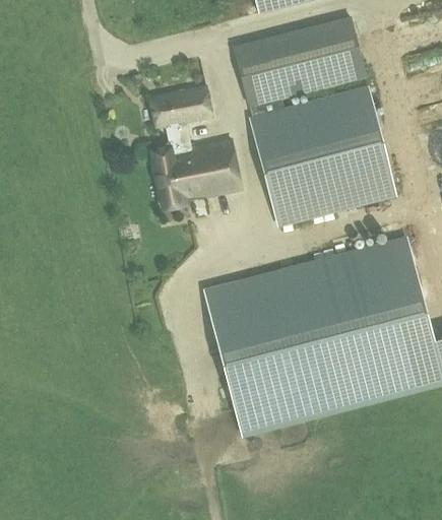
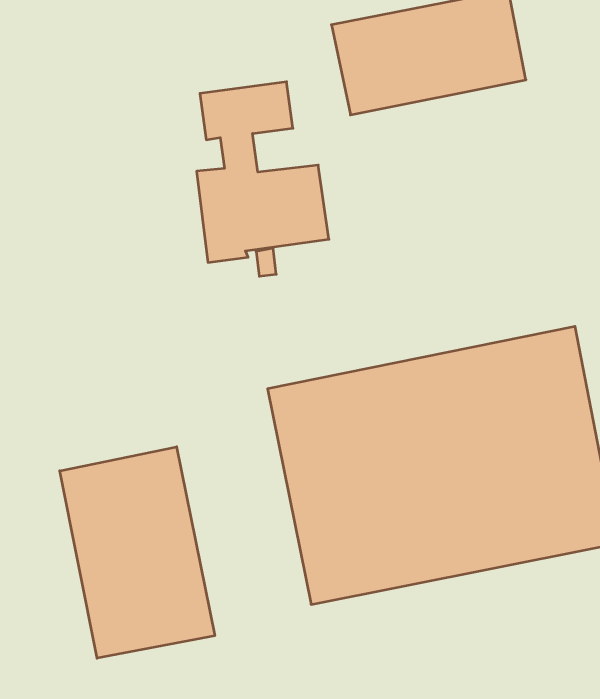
building: [249,88,395,225] -> none
building: none -> [60,447,215,658]

